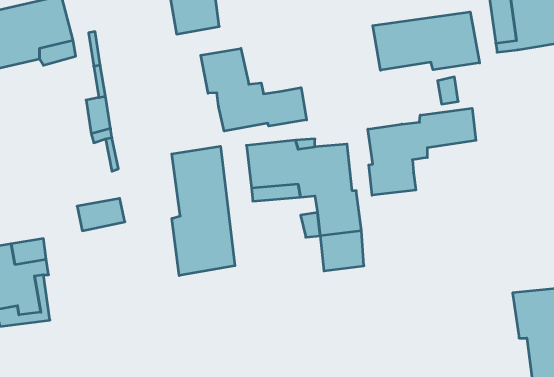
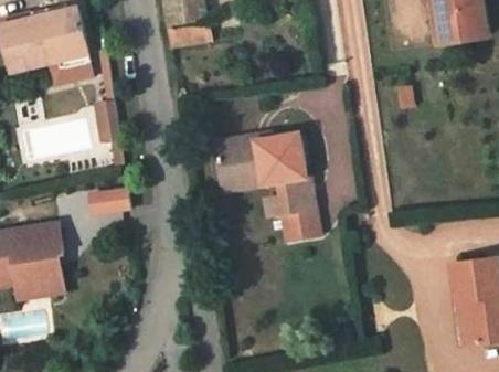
building: [373,12,480,70] -> none
building: [201,48,307,131] -> none
building: [368,108,476,195] -> none
building: [172,146,235,276] -> none

